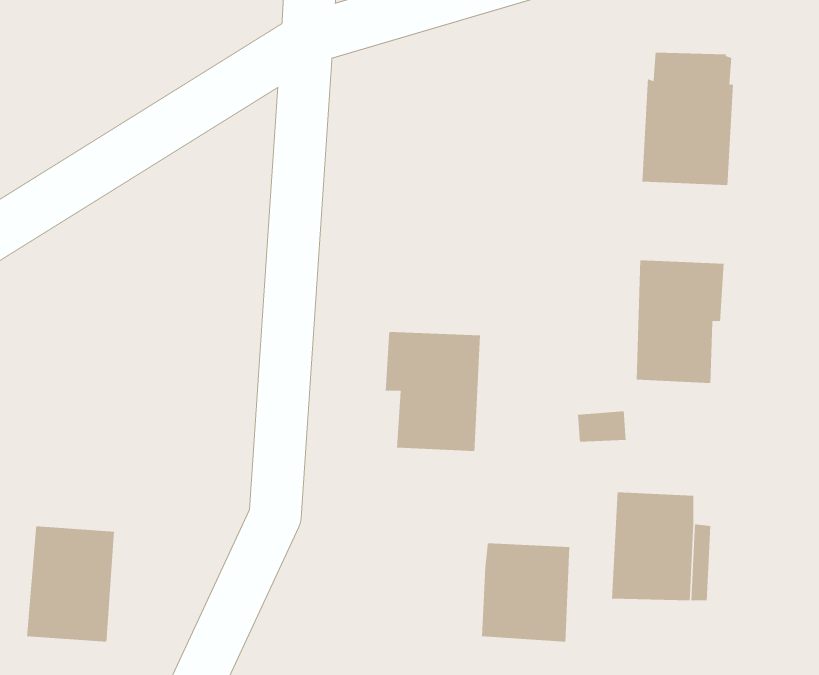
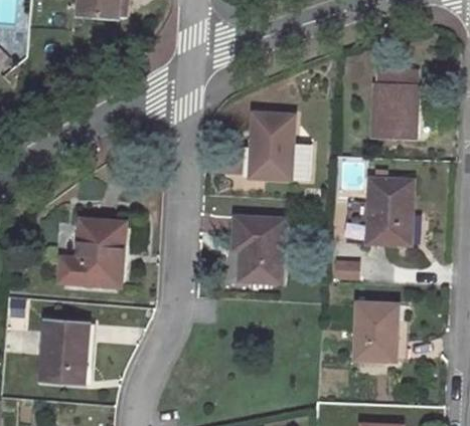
building: none -> [249,114,309,180]
building: none -> [58,217,124,284]
building: [481,543,570,643] -> none

